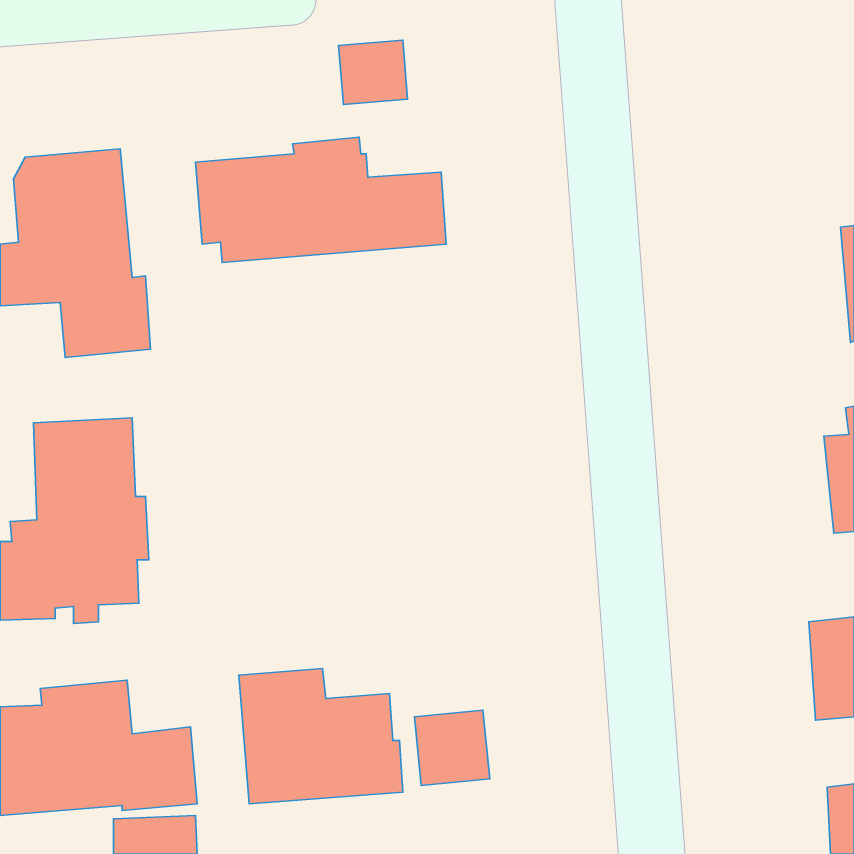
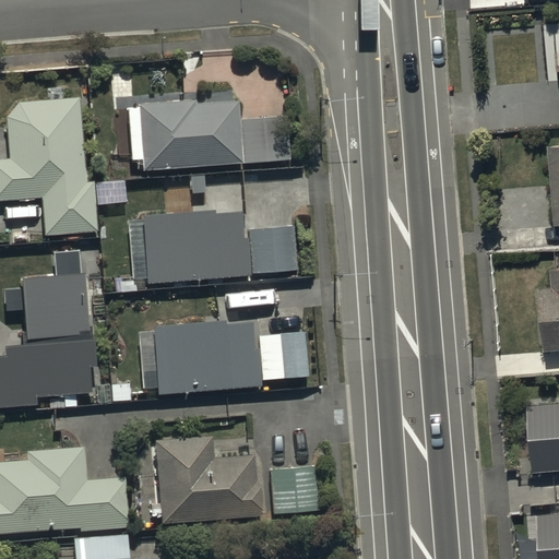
building: [339,40,408,104] -> none
building: none -> [143,209,298,284]
building: none -> [139,321,307,394]

